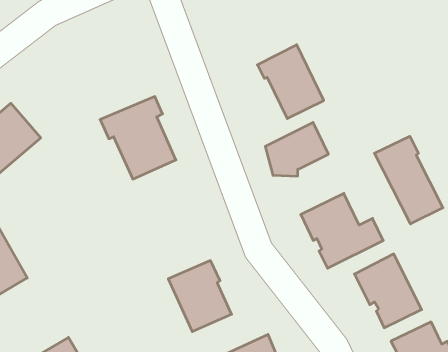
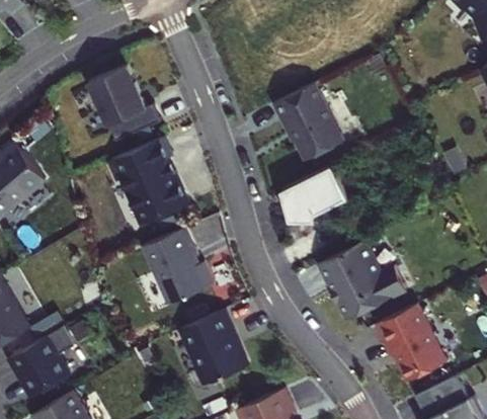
building: none -> [88,66,160,143]
building: [374,136,443,224] -> none
building: none -> [143,228,214,305]
building: none -> [9,327,75,397]

